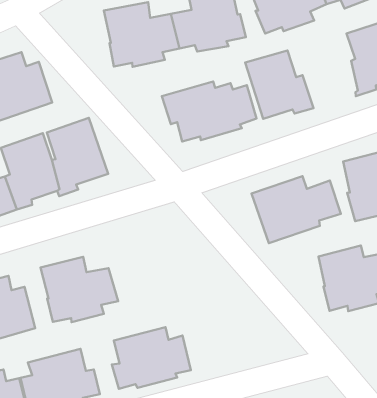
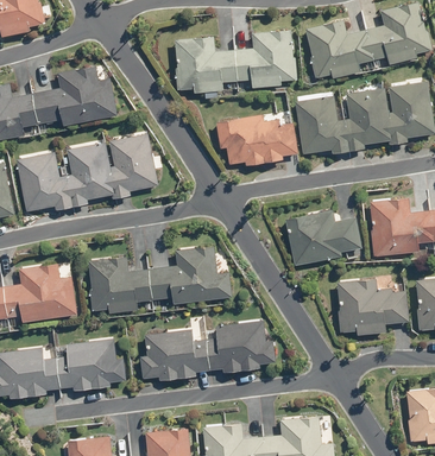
building: none -> [343,88,391,151]
building: none -> [147,247,232,304]
building: none -> [206,321,276,372]

